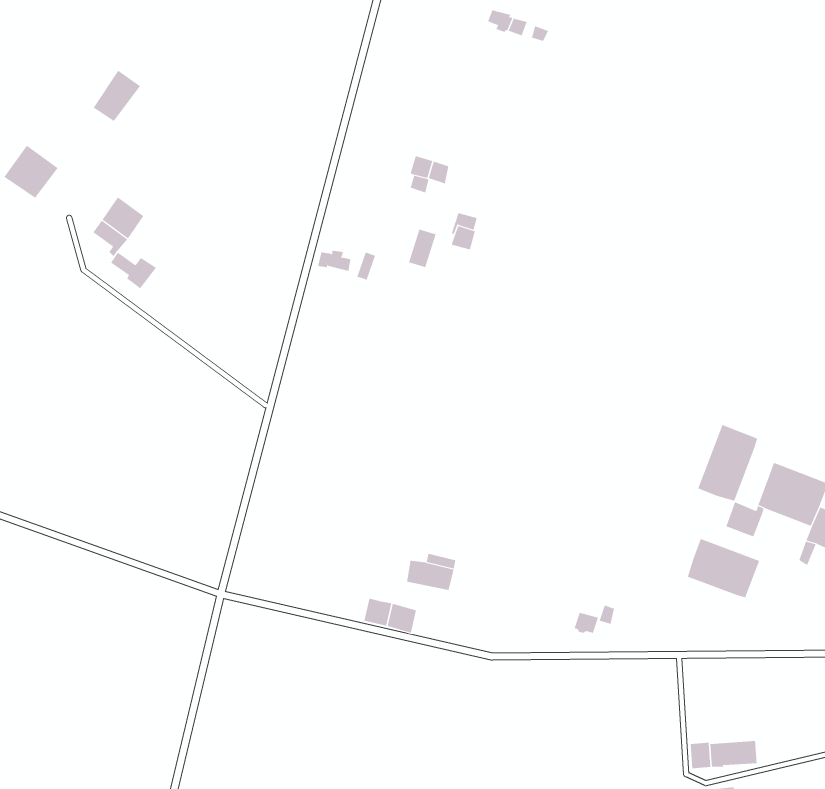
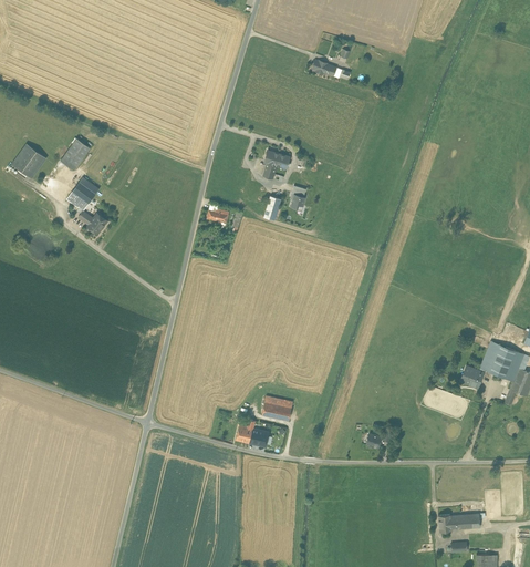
building: [93,70,141,122] -> [61,137,91,169]
building: [697,424,758,501] -> none
building: [687,538,760,598] -> none

